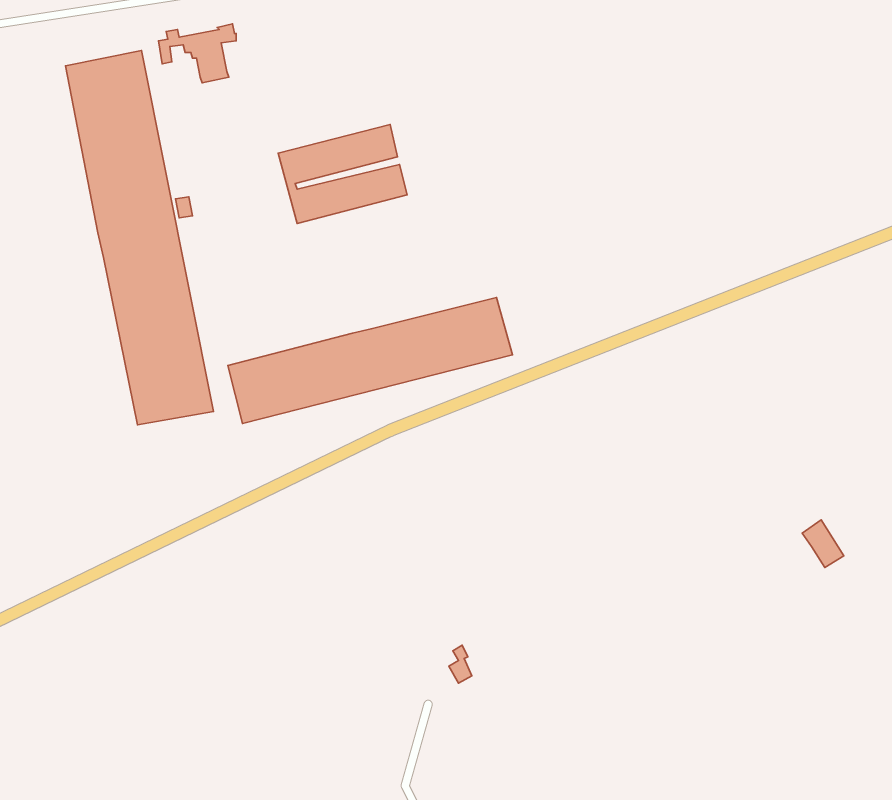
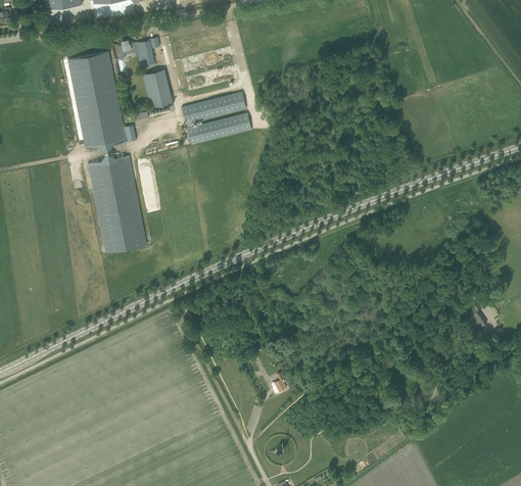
building: none -> [142,68,173,109]
building: [228,298,512,424] -> none

